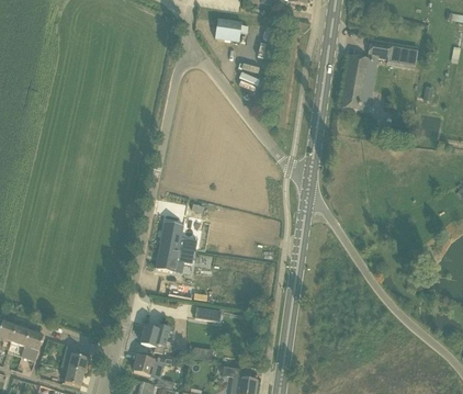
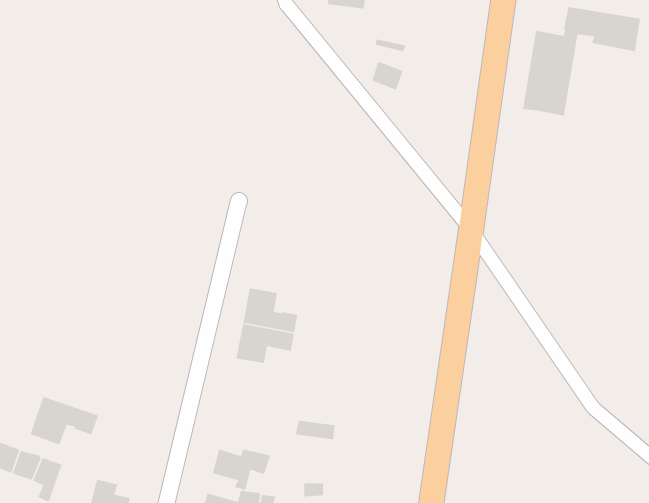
building: none -> [29,396,99,446]

